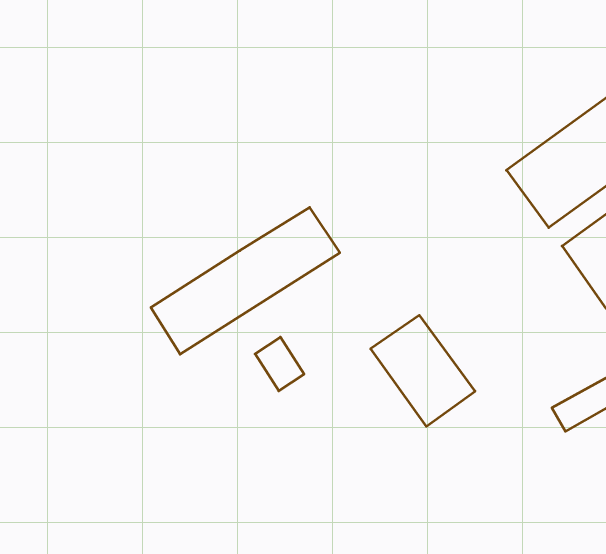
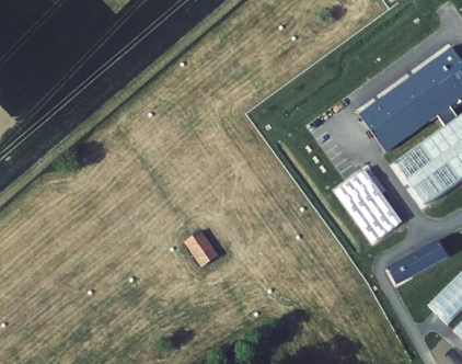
building: [151,207,340,354] -> none
building: [371,315,475,426] -> [332,169,400,241]

